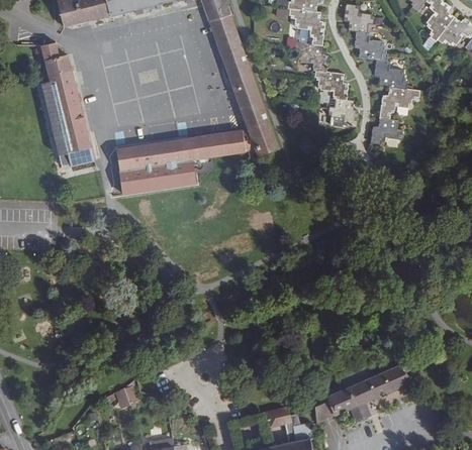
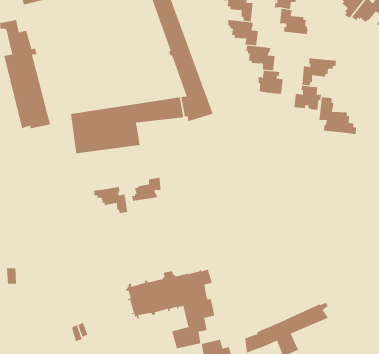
building: [373,59,407,88] -> none
building: none -> [319,97,357,135]
building: none -> [132,177,161,202]
building: none -> [93,186,128,214]
building: none -> [125,269,215,349]

